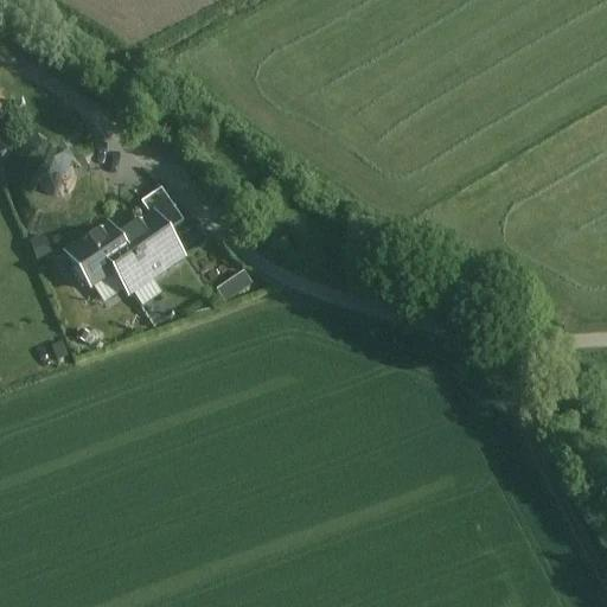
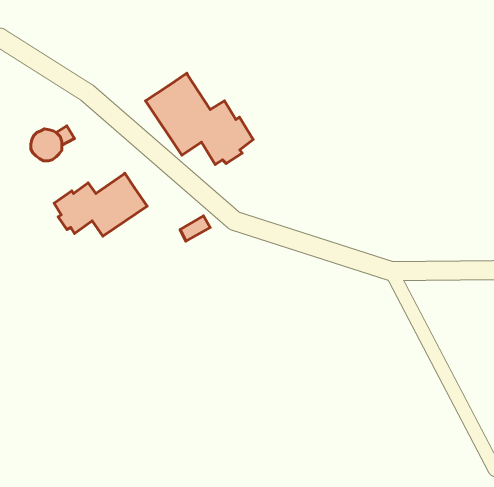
building: none -> [145,73,253,165]
building: [142,185,184,230] -> none

